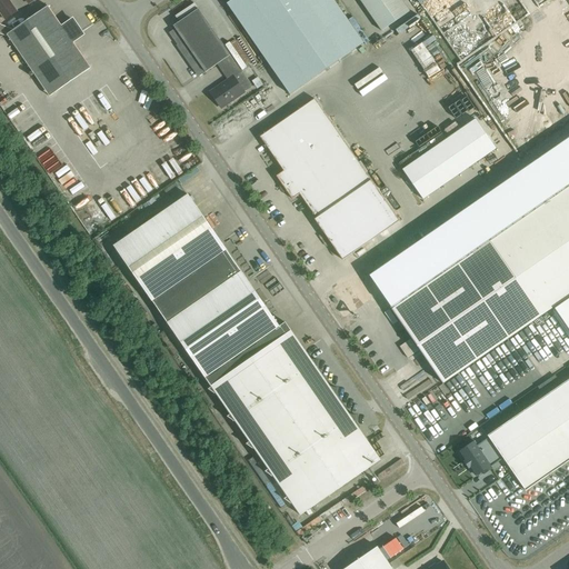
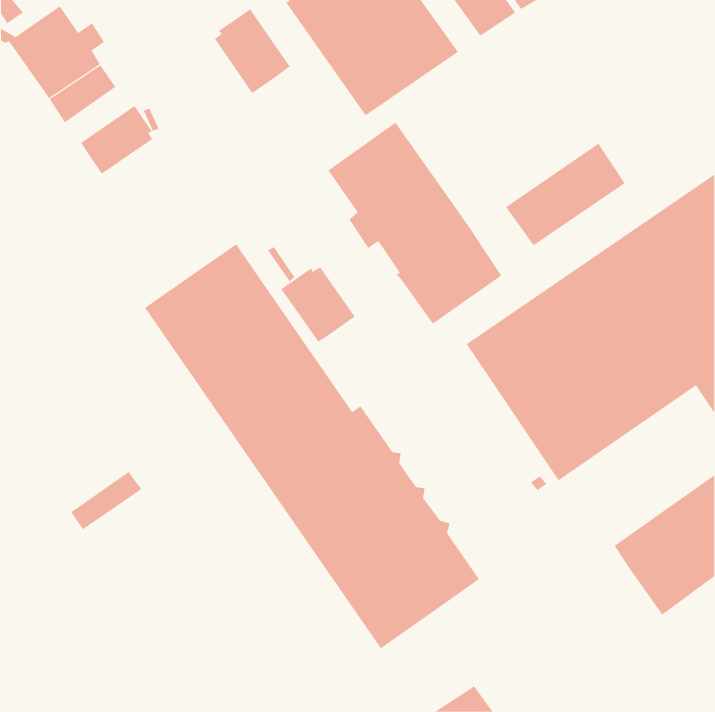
building: [210,53,252,107] -> none
building: none -> [80,105,153,174]
building: none -> [281,266,356,343]
building: none -> [70,471,142,530]
building: [460,436,499,473] -> none

